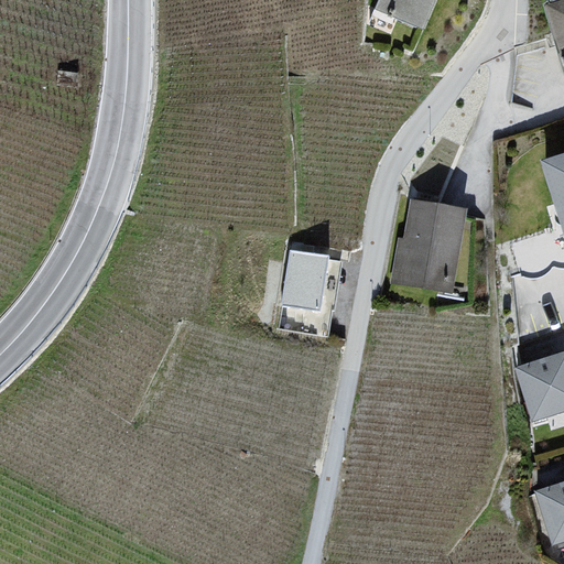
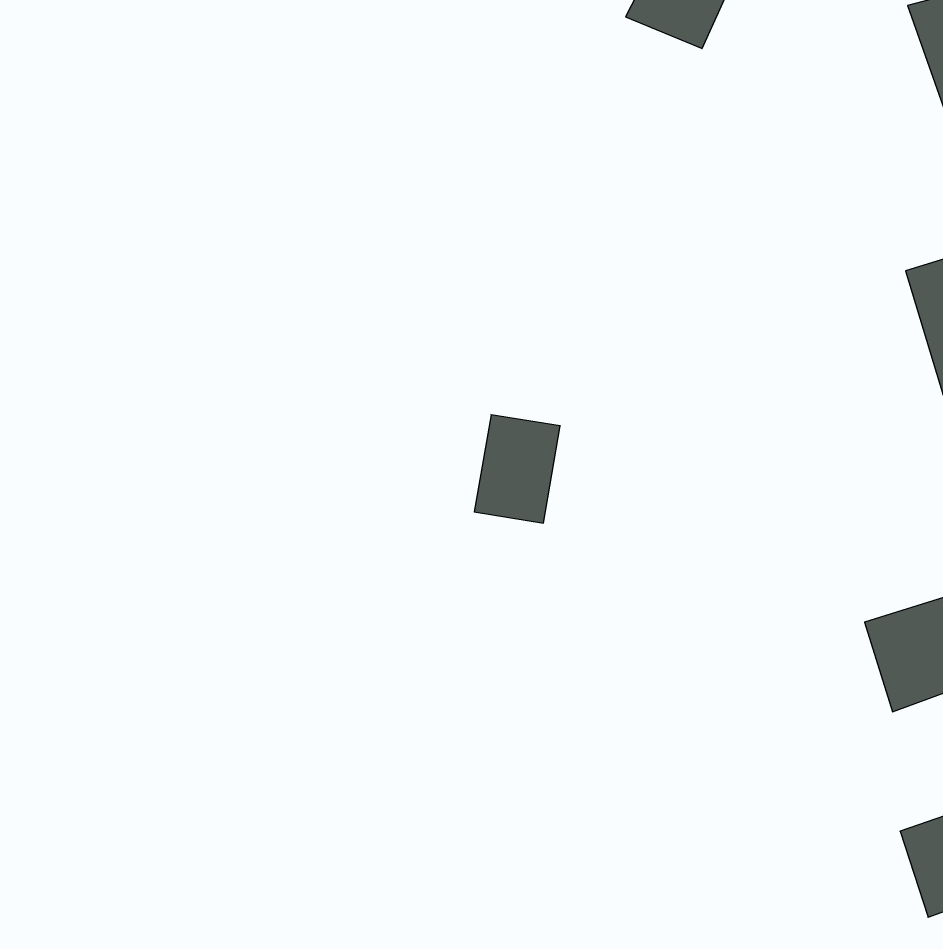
building: [392,197,467,292] -> none

